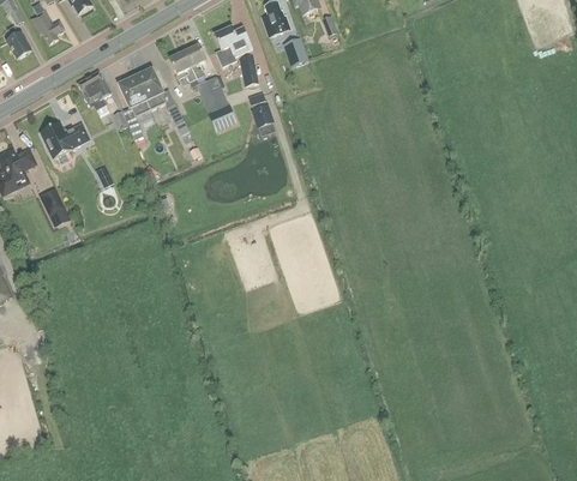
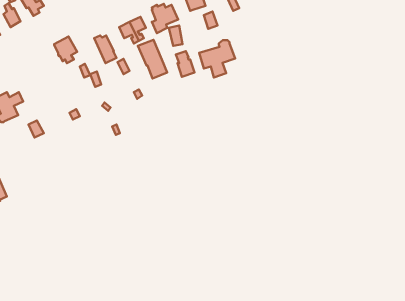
building: [120,74,150,116] -> none
building: none -> [199,40,235,78]
building: [41,122,90,158] -> none

